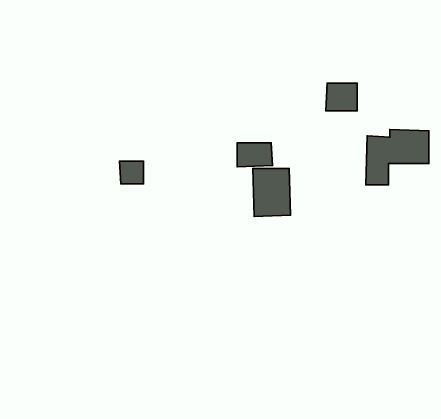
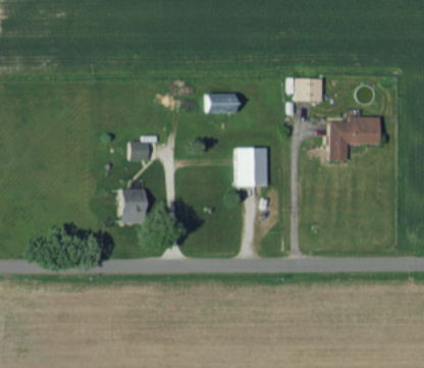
building: [237,143,272,167] -> [207,94,235,113]
building: none -> [121,189,146,223]

